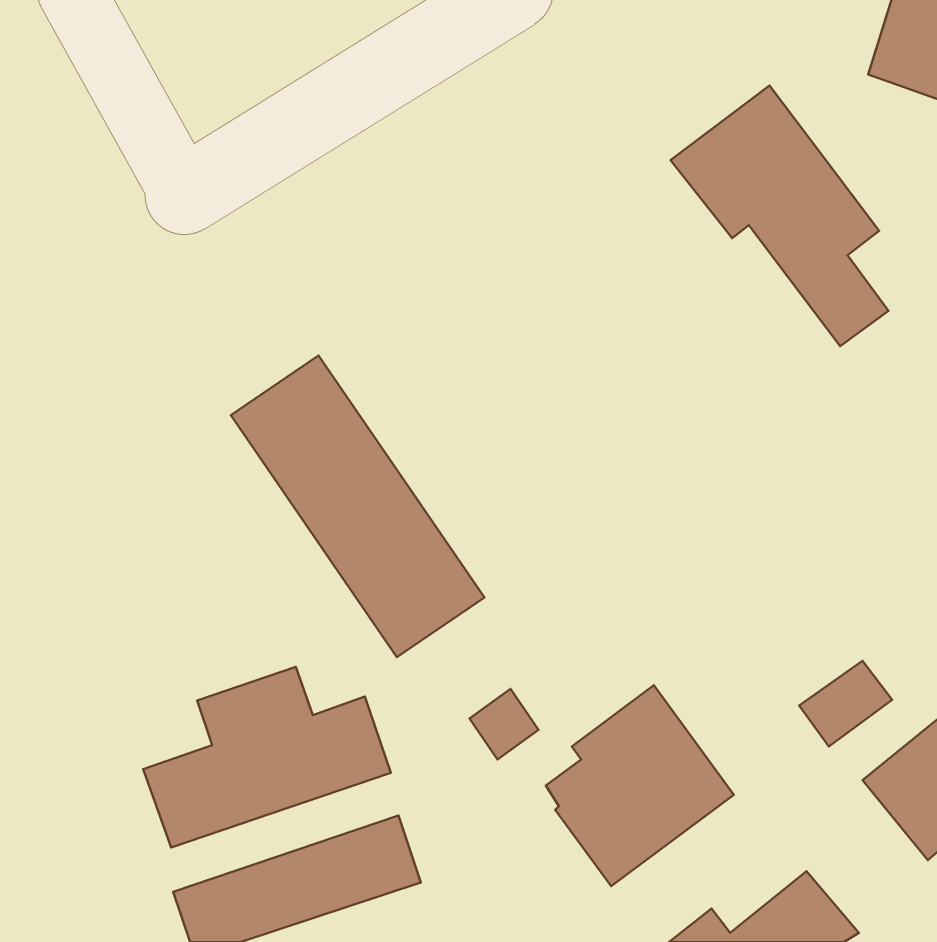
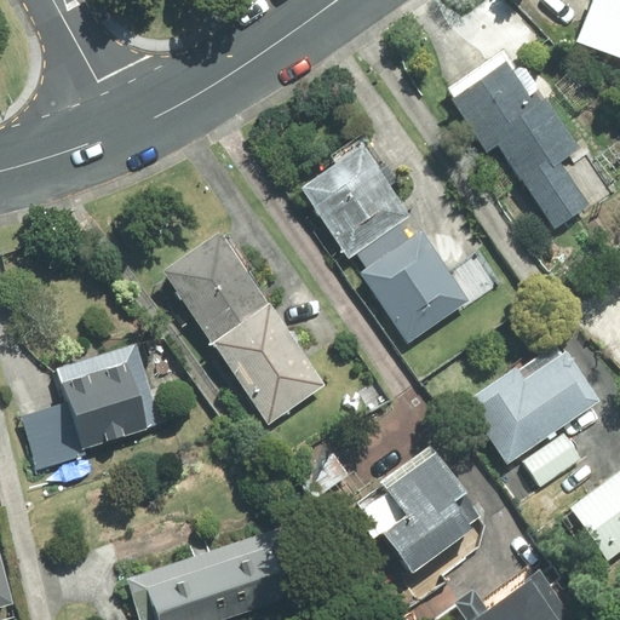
building: none -> [298,142,412,257]
building: none -> [364,232,476,345]
building: none -> [467,350,599,463]
building: [143,667,391,847] -> [21,349,182,466]

